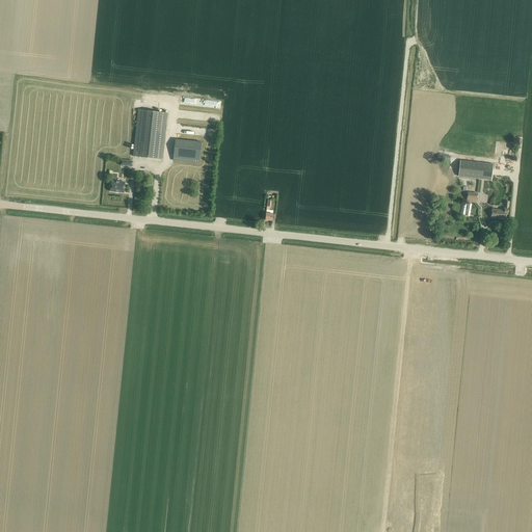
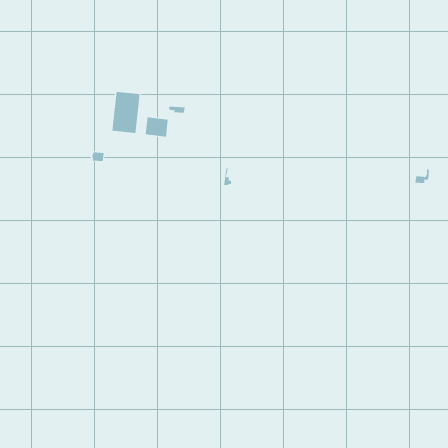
building: [457,159,493,179] -> none

